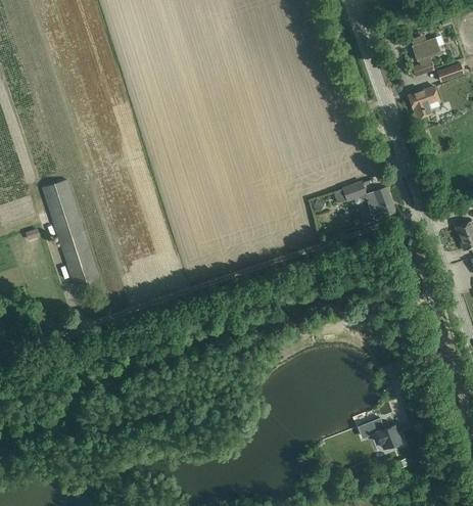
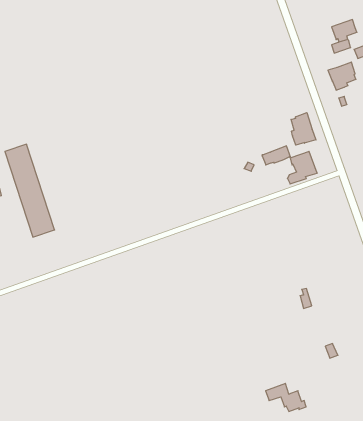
building: none -> [291,113,316,145]
building: [358,416,404,448] -> [266,383,306,411]

